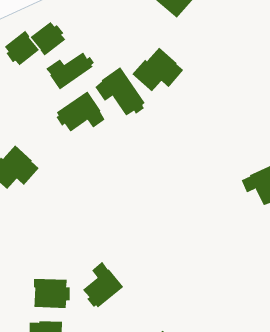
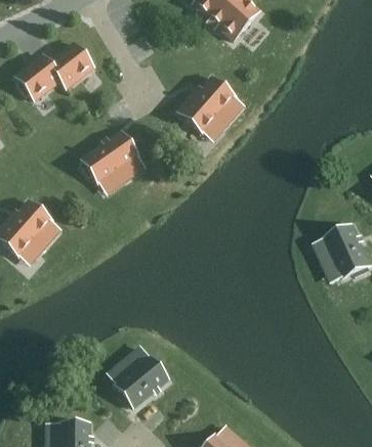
building: [45,51,95,90] -> none
building: [94,66,145,117] -> none
building: [33,278,70,309] -> none

